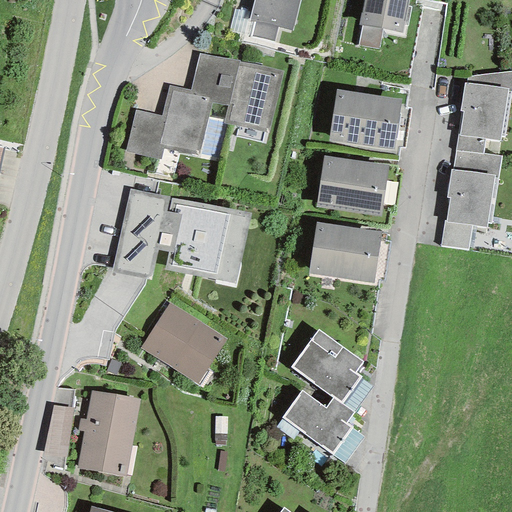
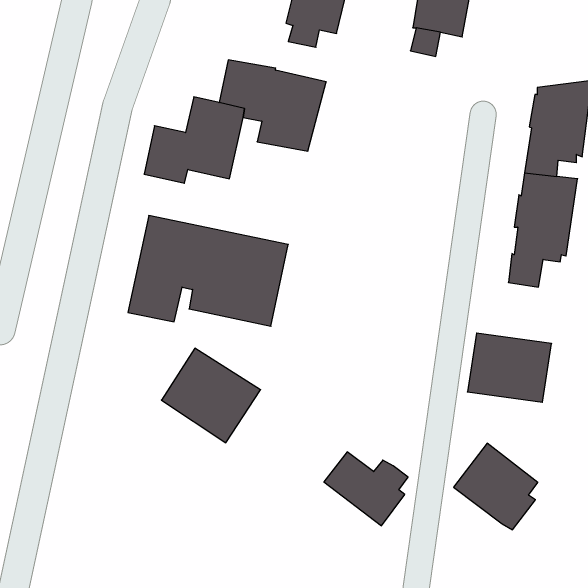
building: [329,89,402,150] -> none
building: [316,155,389,216] -> none
building: [309,222,382,282] -> [467,333,552,402]
building: [291,329,364,404] -> [454,443,538,530]
building: [78,391,139,476] -> none

